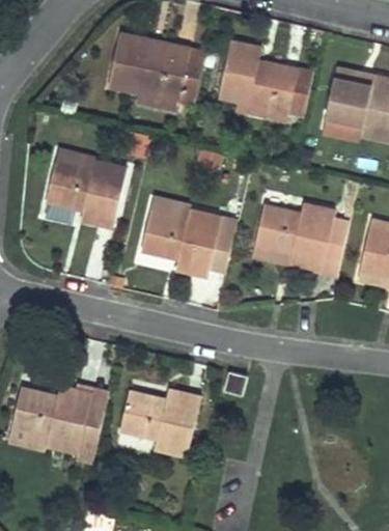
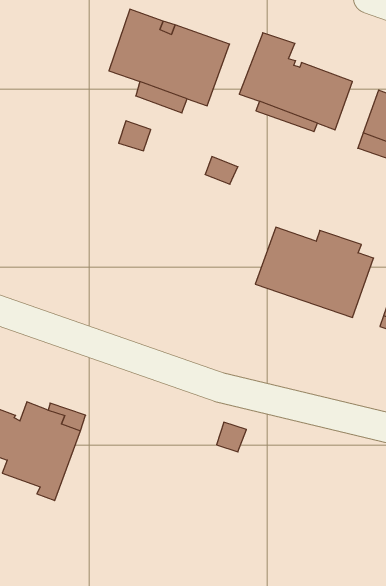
building: [41,160,122,225] -> none
building: [140,207,234,275] -> none
building: [123,391,204,458] -> none

